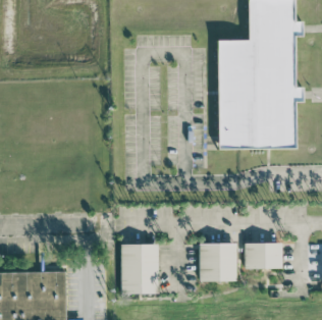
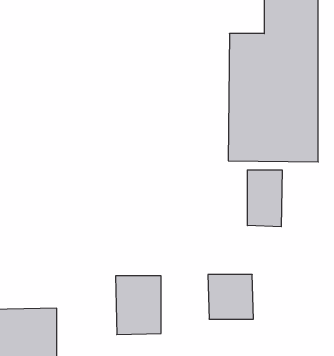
building: none -> [247,170,282,227]
building: [246,243,284,269] -> none

